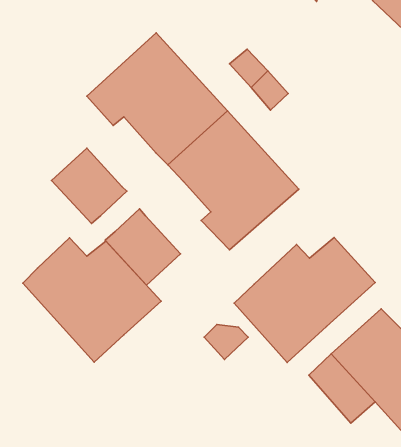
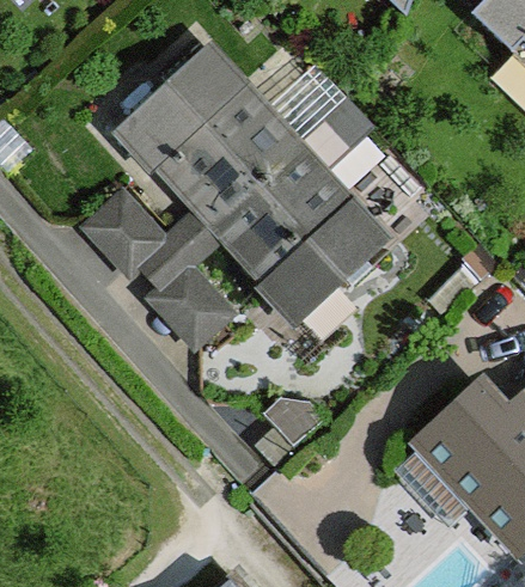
building: none -> [140,151,275,291]
building: [234,238,375,362] -> none
building: [23,238,161,362] -> none

